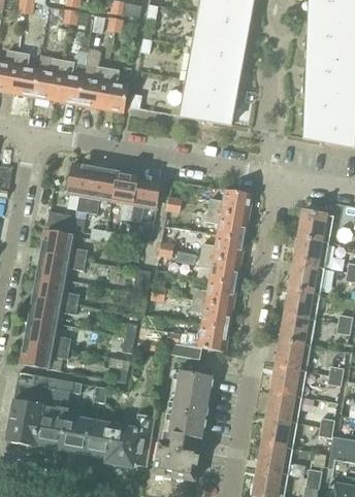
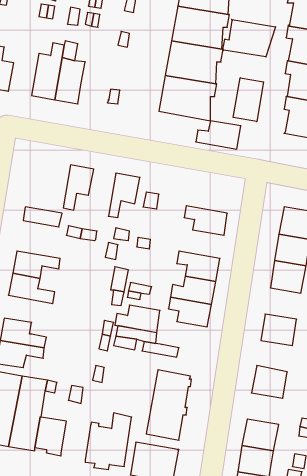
building: none -> [223,19,276,57]
building: [33,57,63,100] -> none
building: [101,67,129,112] -> none
building: none -> [233,78,264,122]
building: [67,164,94,210] -> none
building: [111,172,138,219] -> none
building: [207,188,252,216] -> [196,121,241,149]
building: [41,229,86,260] -> none
building: [200,232,245,260] -> none
building: [285,289,320,320] -> none
building: [29,296,76,323] -> none
building: [184,322,228,349] -> [115,305,160,332]
building: [277,340,312,371] -> none
building: [267,392,302,423] -> none
building: [85,420,114,458] -> none

